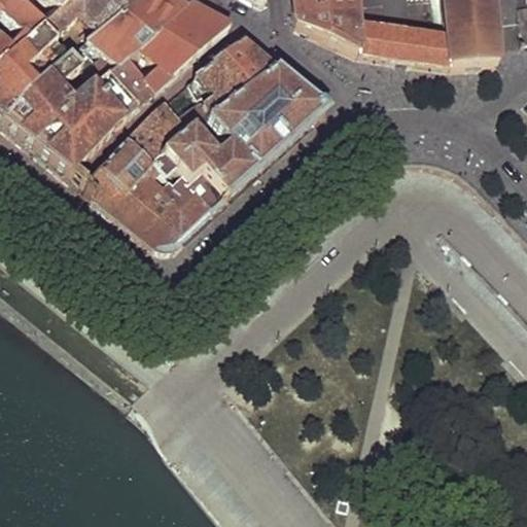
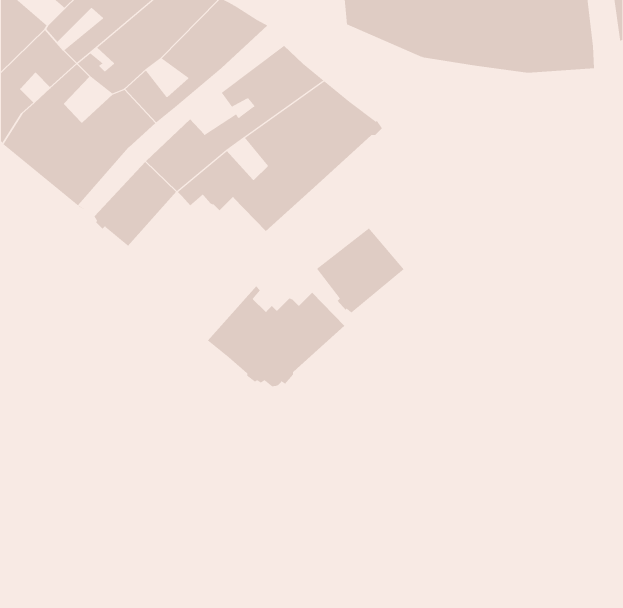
building: [108,162,224,247] -> [207,286,345,387]
building: none -> [316,228,405,313]

